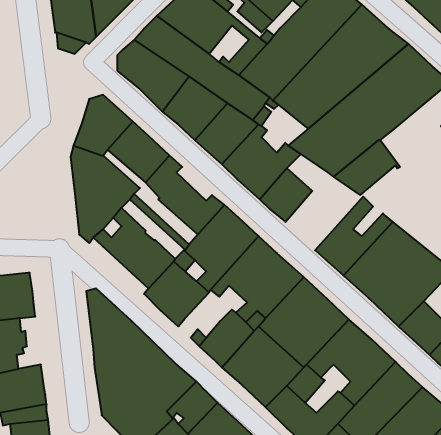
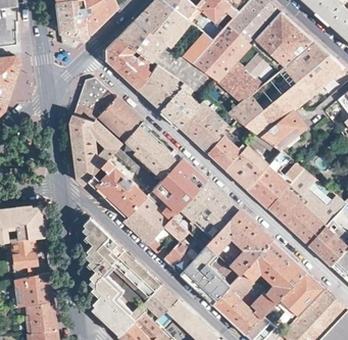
building: none -> [227,134,283,190]
building: none -> [149,218,188,249]

